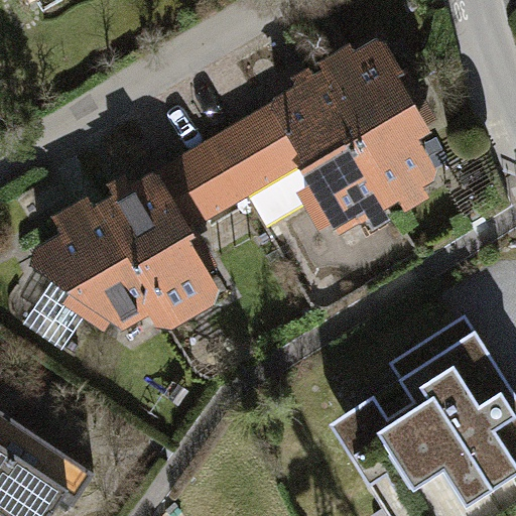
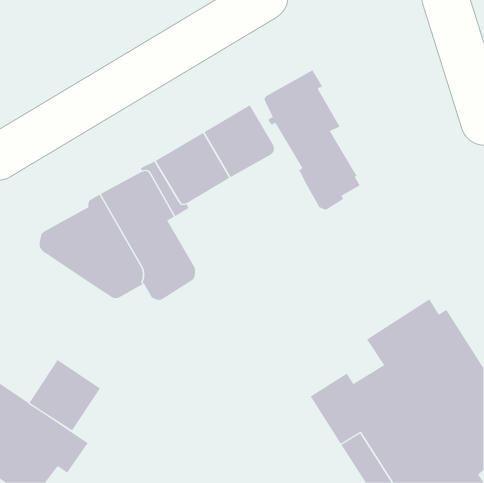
building: [332,46,428,197] -> none
building: [244,102,322,225] -> none
building: [20,270,97,347] -> [29,359,101,431]

